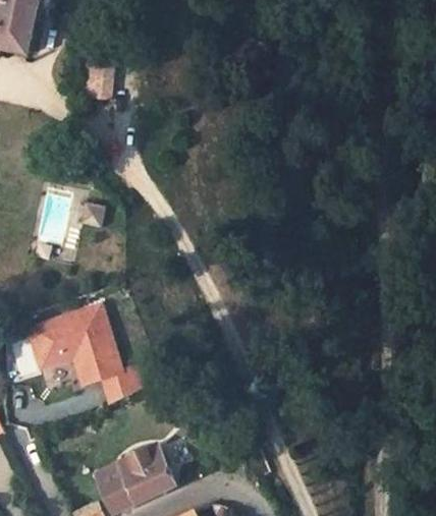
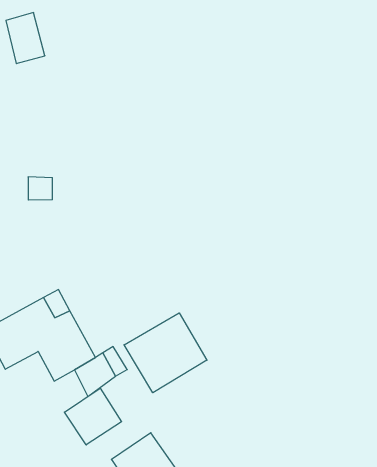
building: none -> [124,313,207,393]
building: none -> [64,388,122,445]

